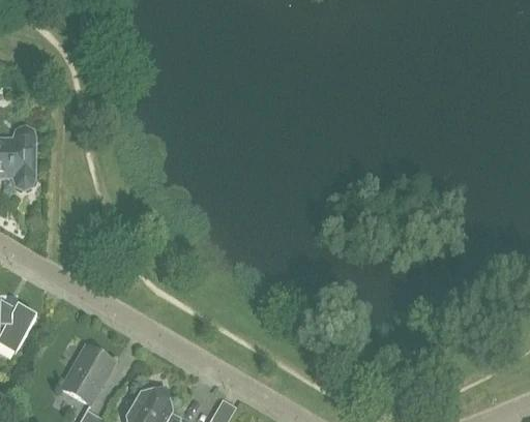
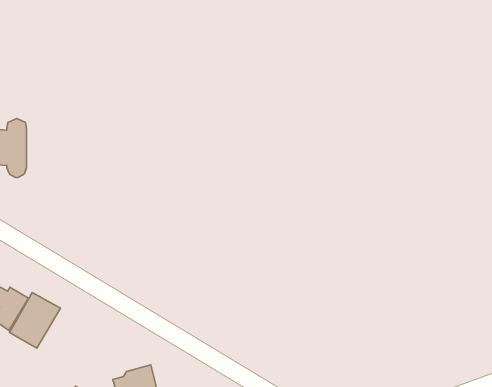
building: [61,345,115,404] -> [10,292,60,348]

